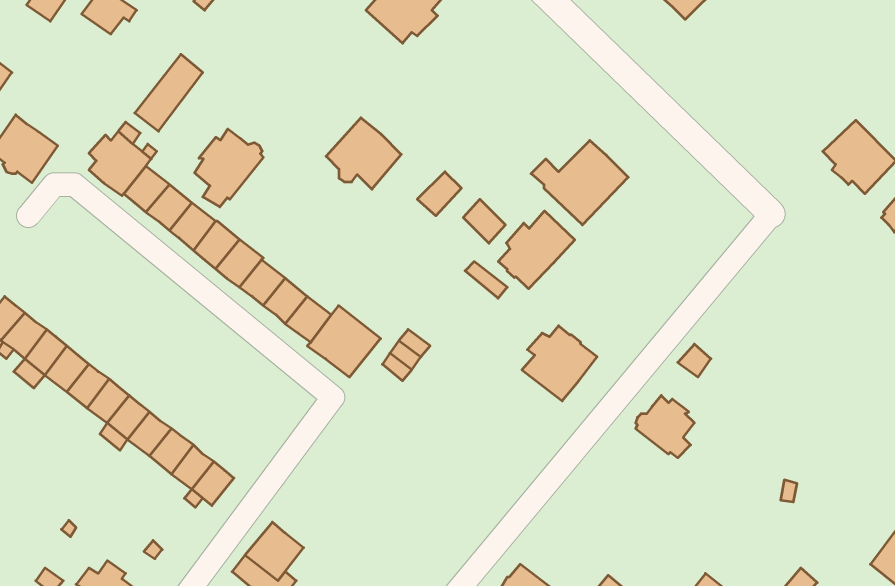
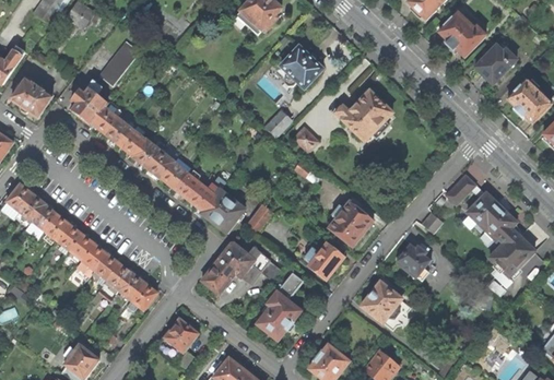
building: none -> [439,12,485,56]
building: none -> [475,43,516,83]
building: [326,118,401,189] -> [276,46,321,88]
building: [195,129,263,207] -> none
building: [498,211,575,289] -> none
building: none -> [445,174,533,275]
building: none -> [201,241,281,293]
building: none -> [306,242,343,280]
building: none -> [256,273,306,341]
building: none -> [361,282,410,330]

